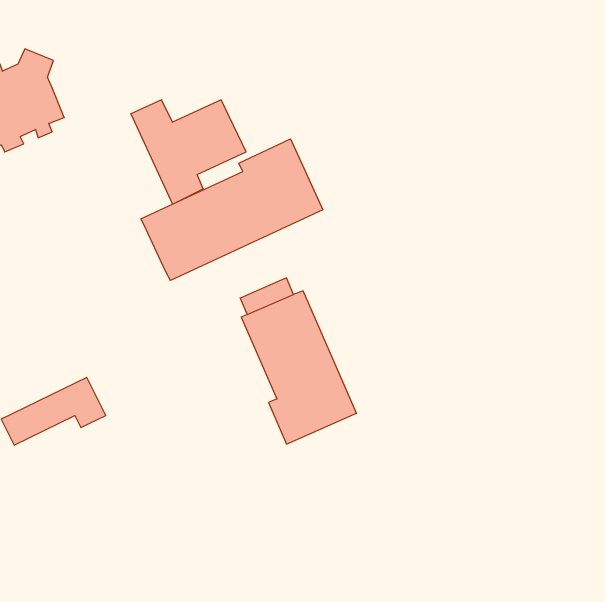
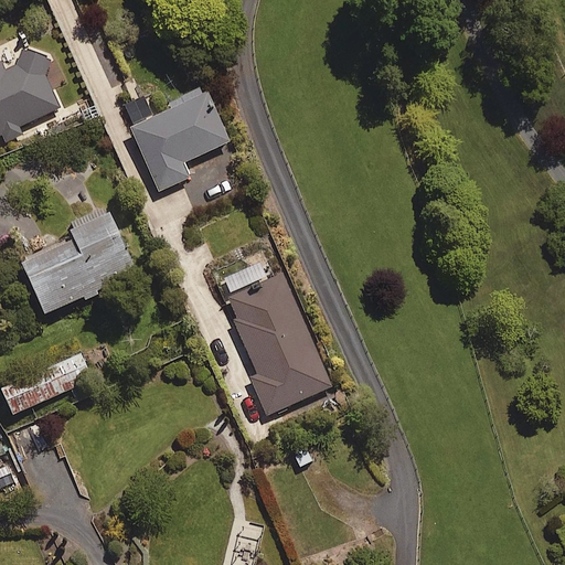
building: [141,139,323,280] -> none
building: none -> [22,211,137,317]

